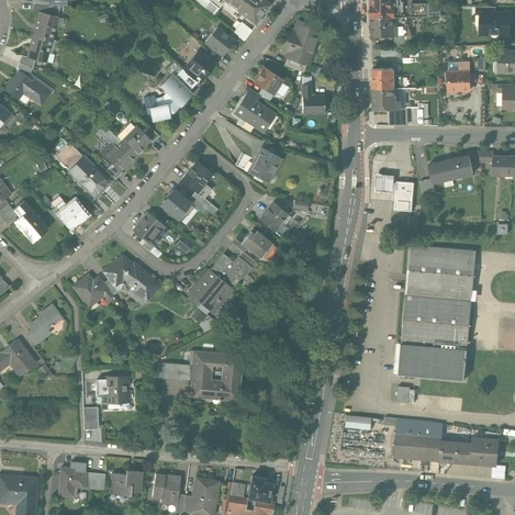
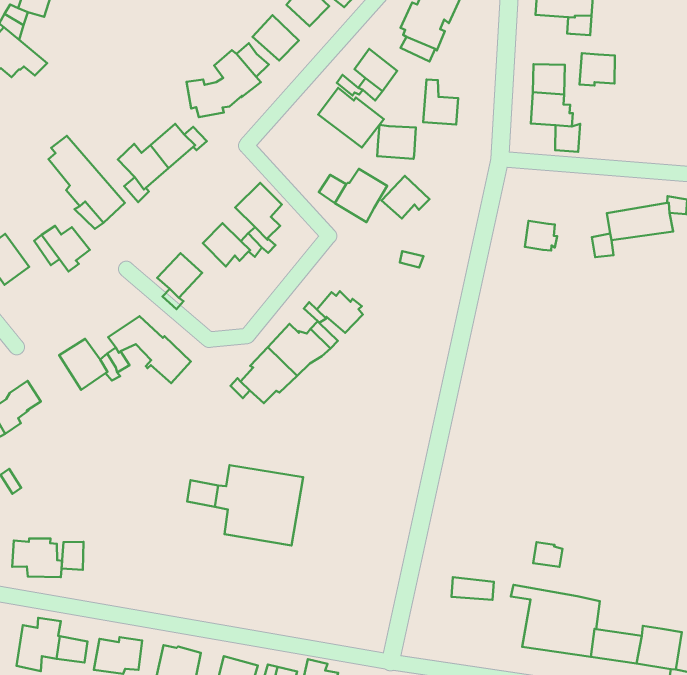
building: [448,70,471,91] -> [580,53,615,85]
building: none -> [377,125,416,159]
building: [394,181,414,211] -> none
building: [259,202,291,231] -> [382,176,430,218]
building: [394,245,478,383] -> none
building: [97,376,130,402] -> [12,538,62,577]

